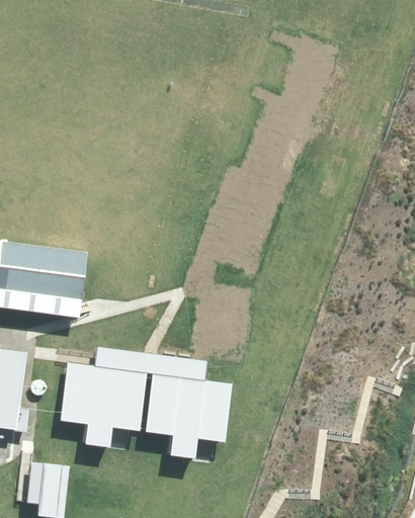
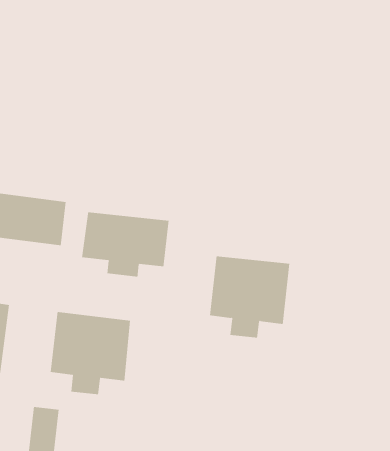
building: none -> [82,211,169,277]
building: [148,372,232,457] -> [209,256,290,338]

